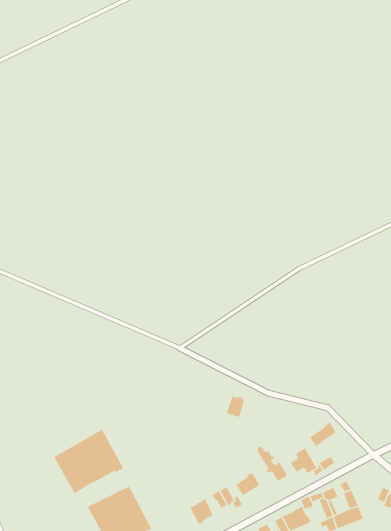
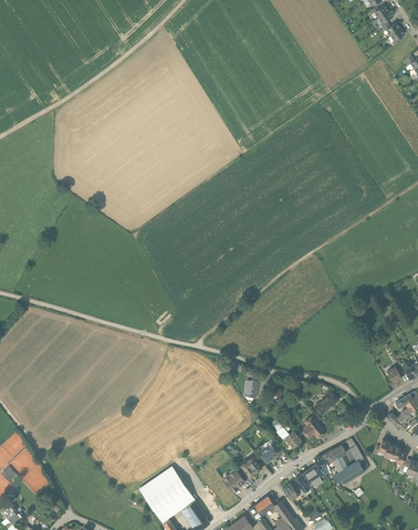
building: [53,429,124,494] -> none

